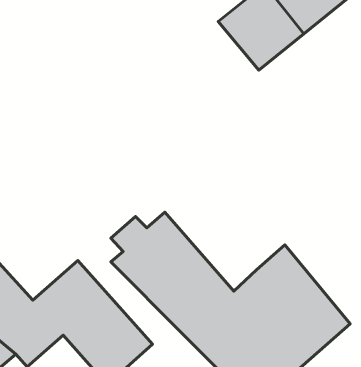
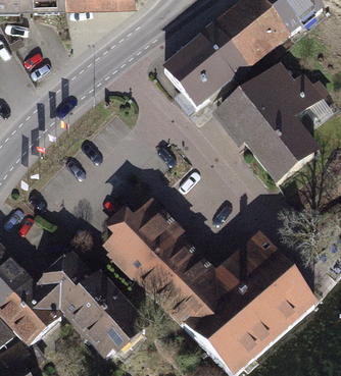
building: none -> [159,32,238,109]
building: none -> [221,65,323,183]

